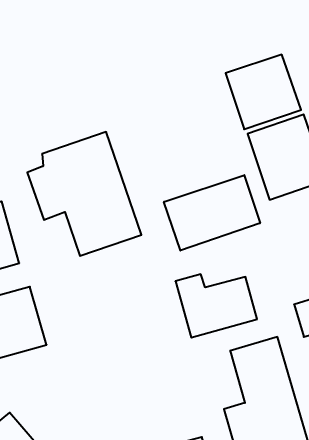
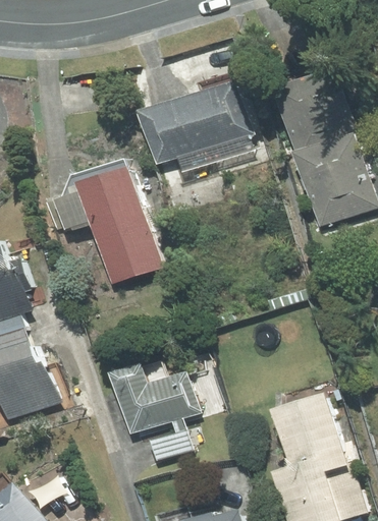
building: none -> [138,82,258,167]
building: [164,175,260,251] -> none
building: [175,274,257,338] -> [109,366,204,440]

